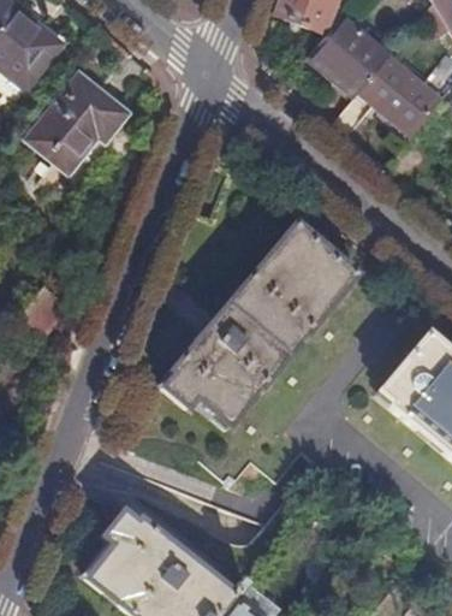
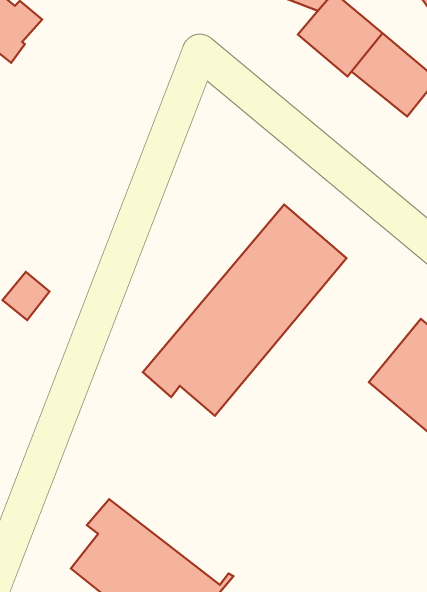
building: [26,73,129,174] -> none

